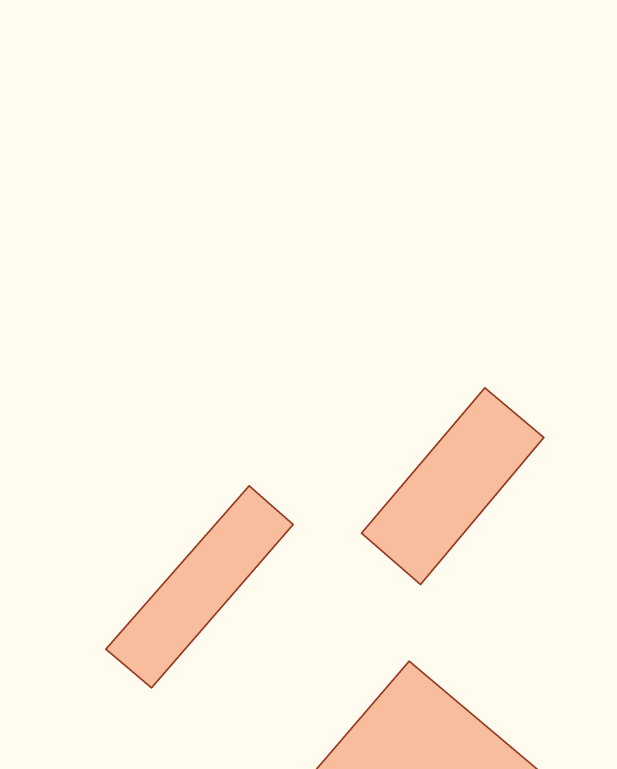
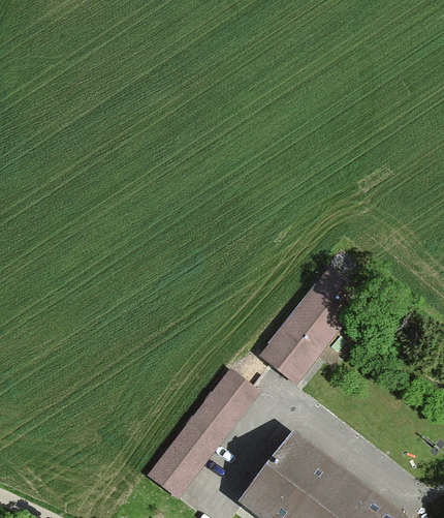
building: [106,486,293,688] -> [149,368,257,493]

